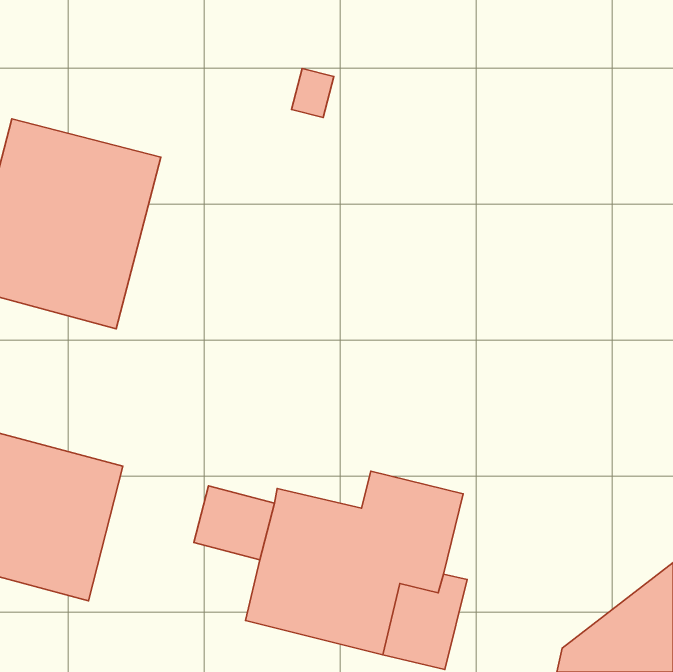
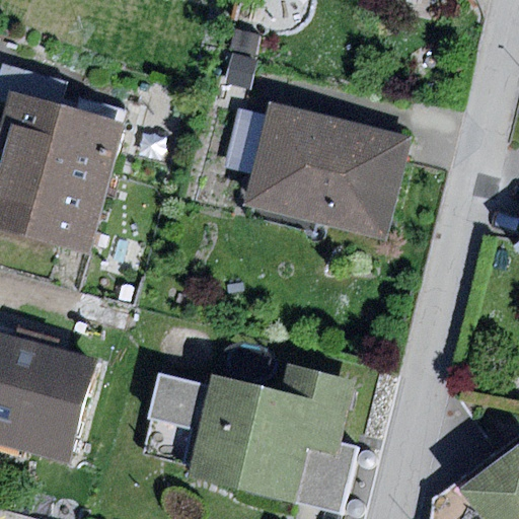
building: none -> [245,103,411,238]

